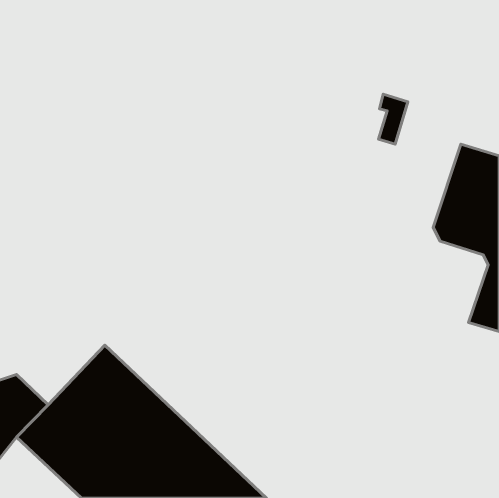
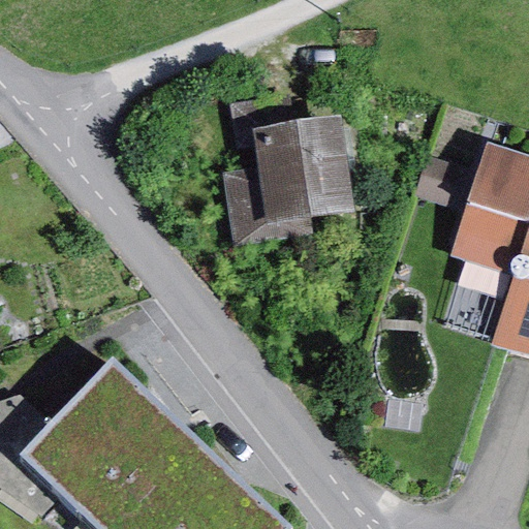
building: none -> [227,99,344,240]

